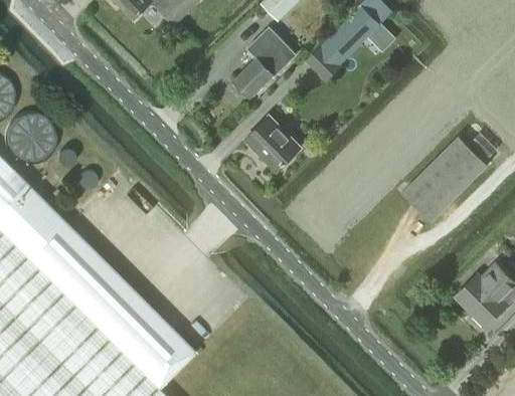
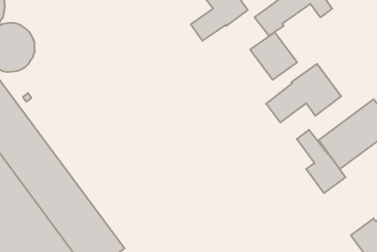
building: none -> [266,64,341,123]
building: [244,116,301,171] -> [250,32,297,80]
building: none -> [297,130,346,193]

